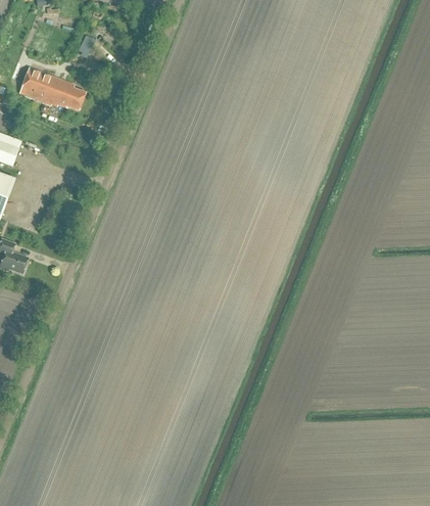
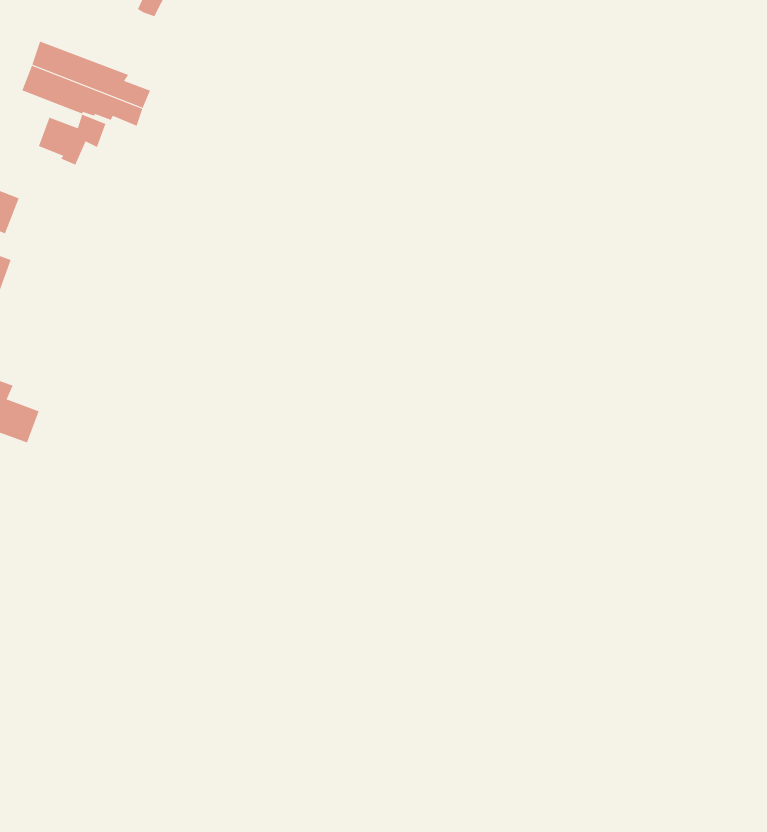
building: none -> [38,114,106,165]

